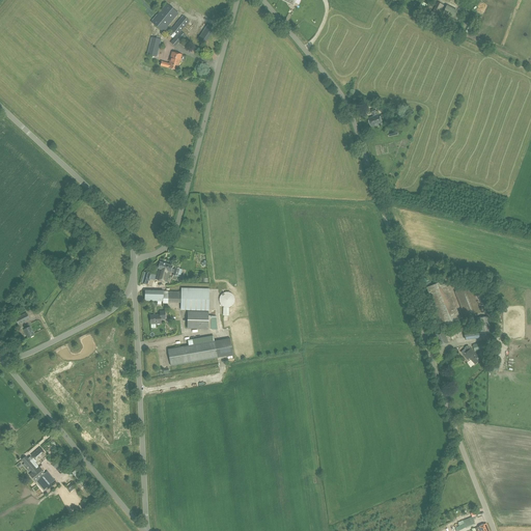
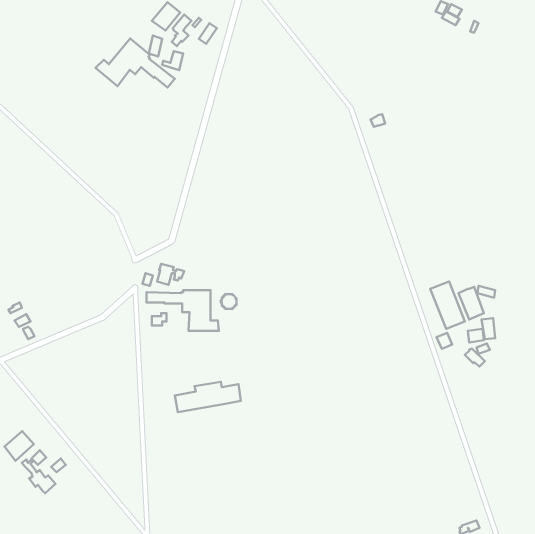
building: none -> [96,39,175,88]
building: [167,335,232,365] -> [175,382,241,412]
building: none -> [5,431,34,461]

